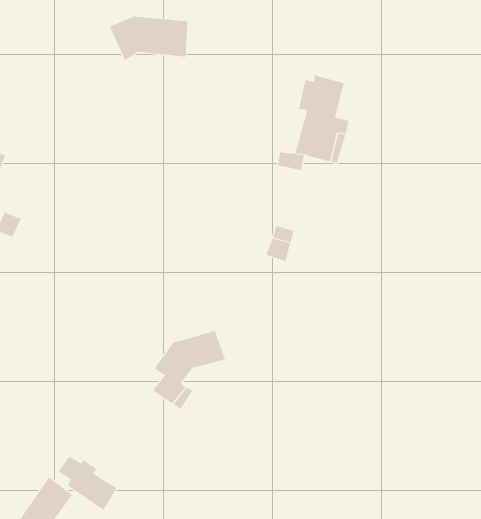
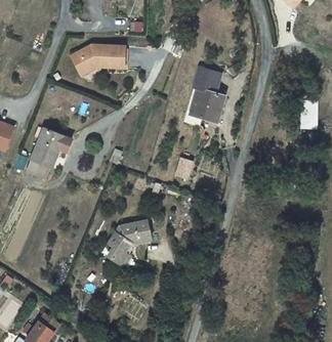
building: none -> [23,130,69,182]
building: [58,456,117,511] -> none

